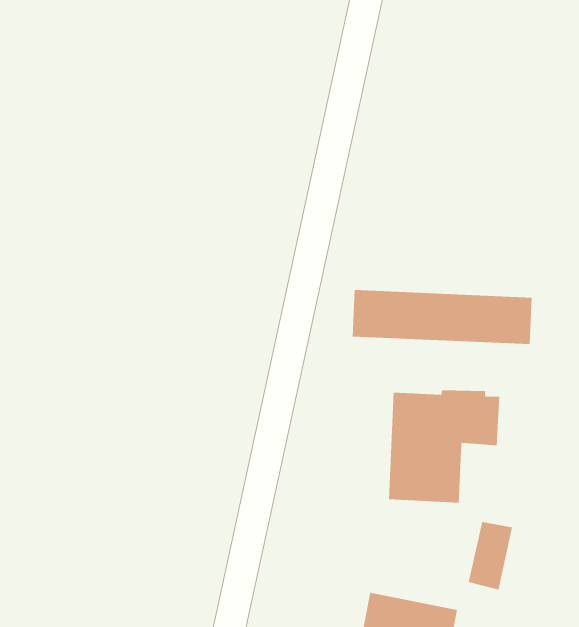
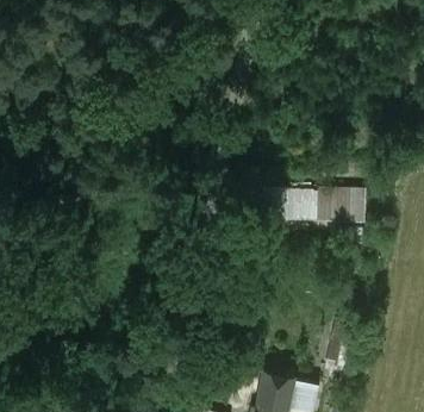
building: [388,390,500,503] -> none

